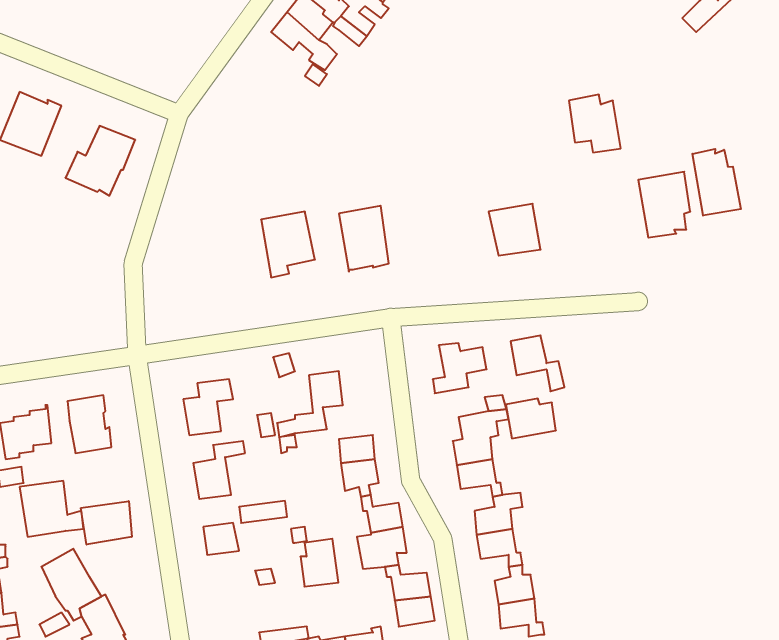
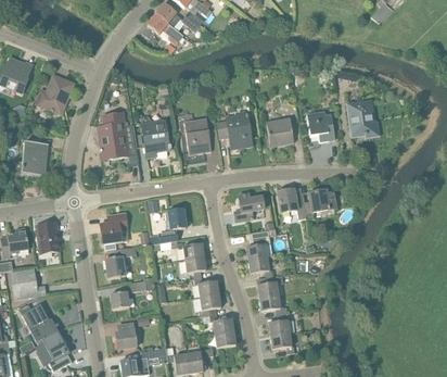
building: [569,95,621,152] -> [307,110,335,141]
building: [692,149,741,216] -> none
building: none -> [100,113,129,159]
building: none -> [226,113,253,149]
building: none -> [15,141,49,178]
building: [506,399,556,438] -> [309,189,336,211]
building: [81,501,132,545] -> none
building: [300,539,338,587] -> [116,323,137,349]

